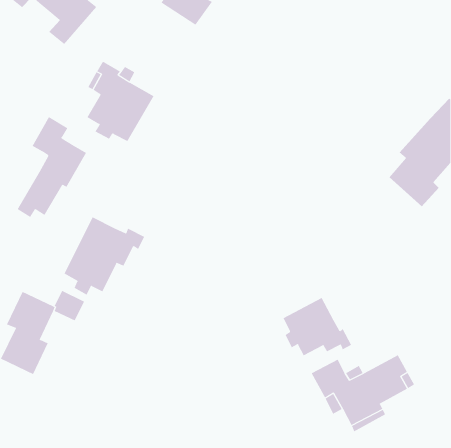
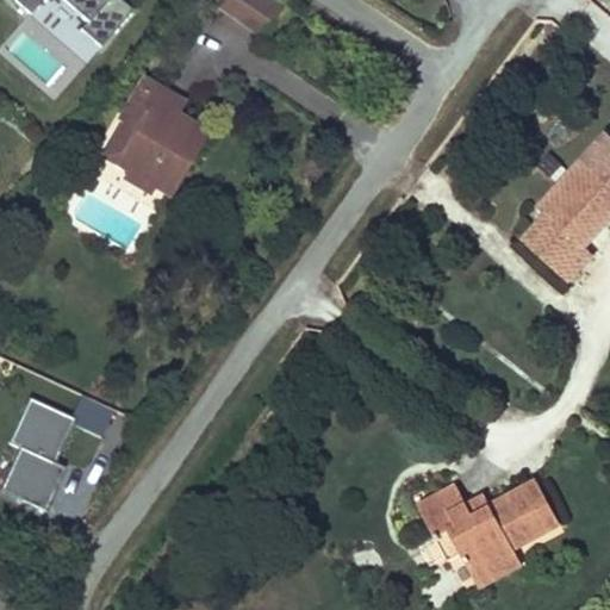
building: [17,116,87,218] -> none
building: [64,216,145,296] -> none
building: [283,297,352,356] -> none

